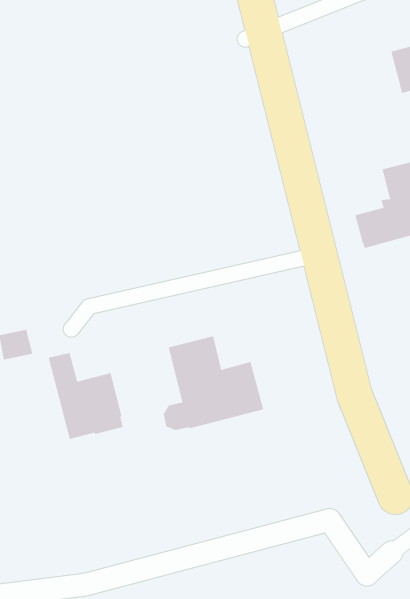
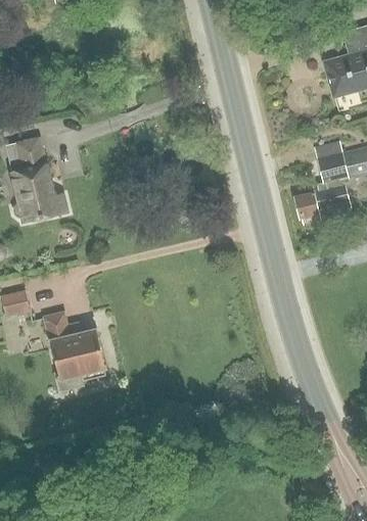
building: none -> [13,138,65,220]
building: [163,335,264,431] -> none

